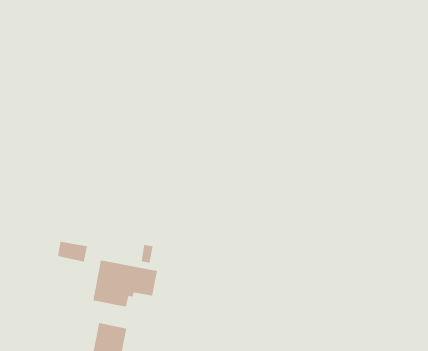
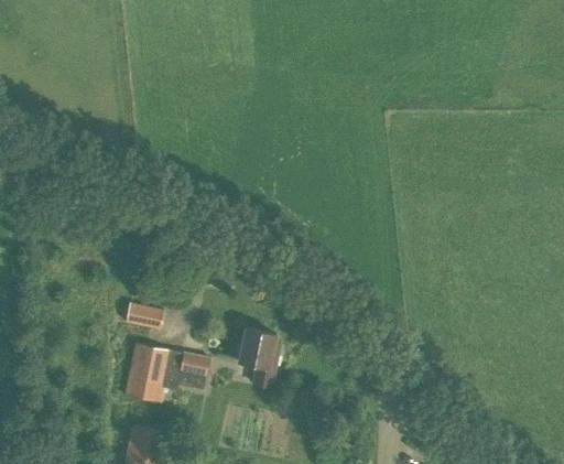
building: [57,241,88,262] -> [126,302,165,330]
building: none -> [238,328,276,387]

